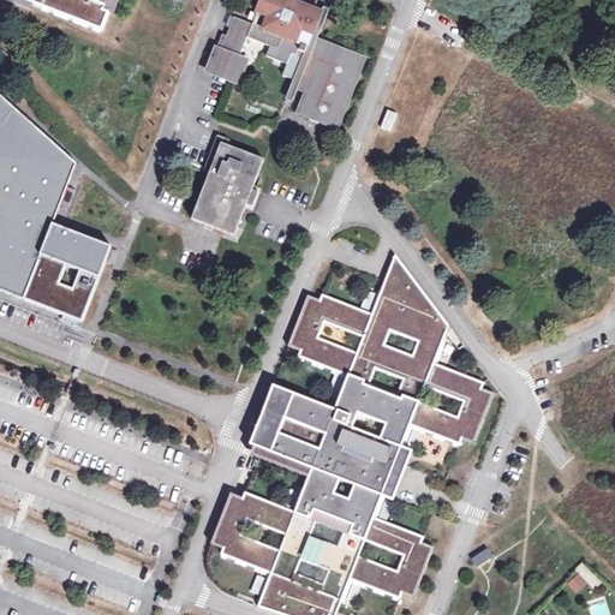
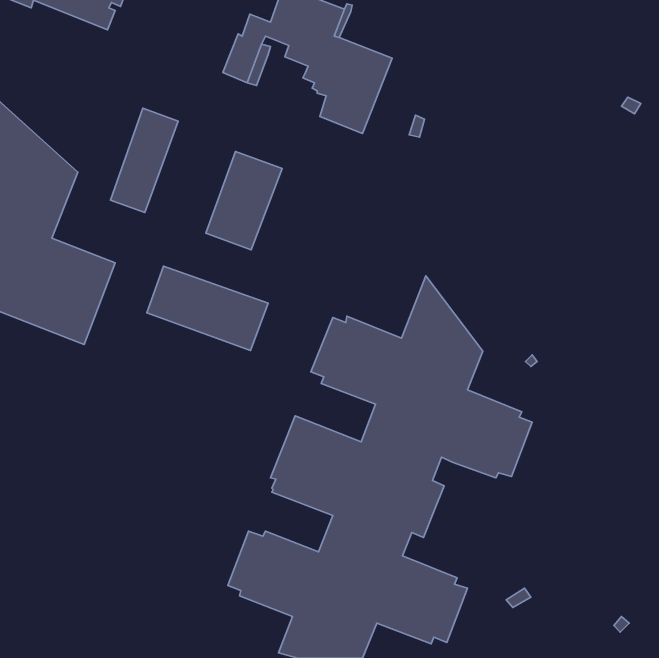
building: none -> [110,108,178,212]
building: none -> [147,266,268,351]

